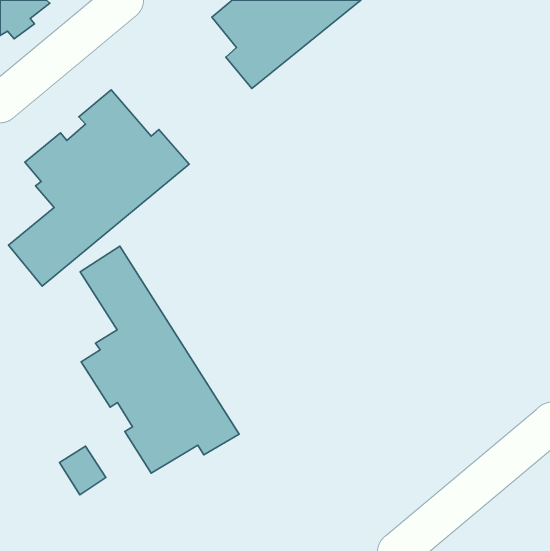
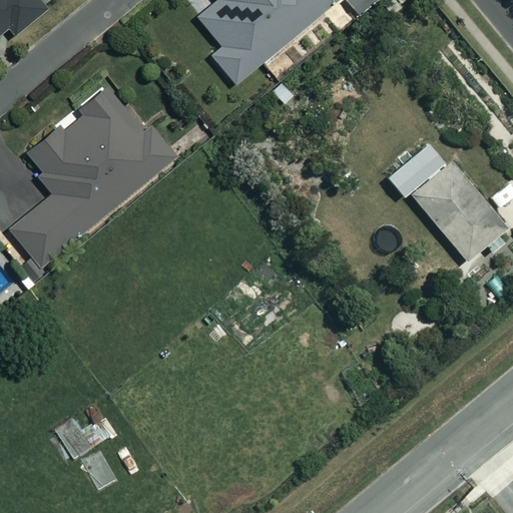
building: none -> [387,142,506,260]
building: [80,246,239,473] -> none

